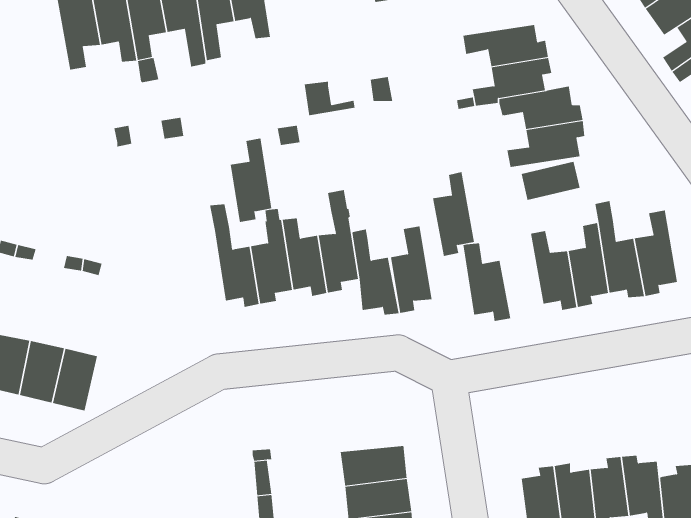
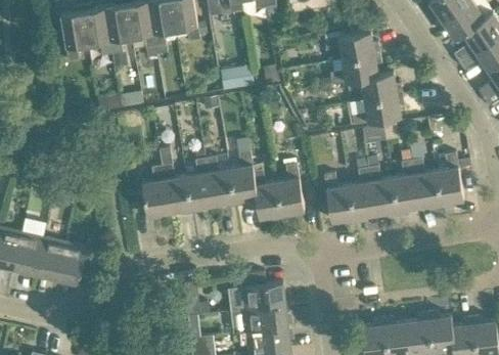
building: [230,138,272,223] -> [142,166,170,221]
building: [432,172,475,256] -> [349,168,376,223]
building: none -> [233,272,286,310]

